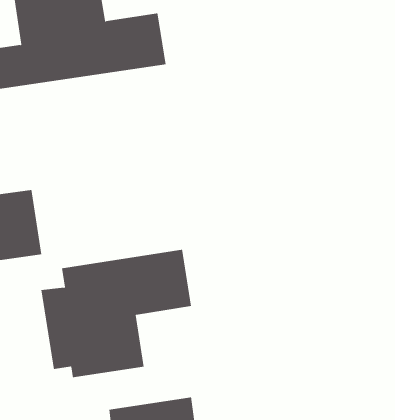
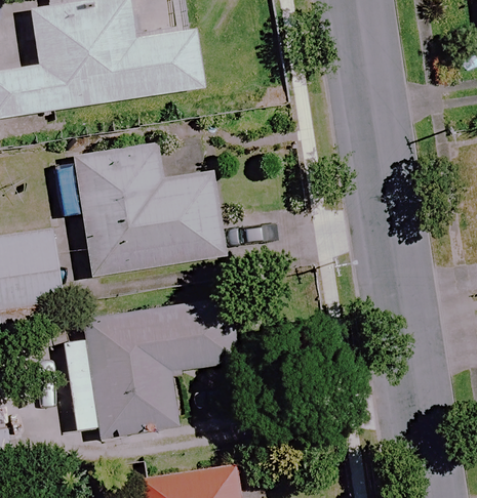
building: none -> [54,141,227,277]

